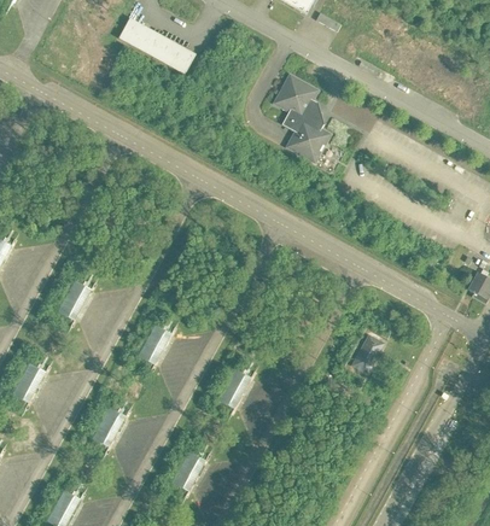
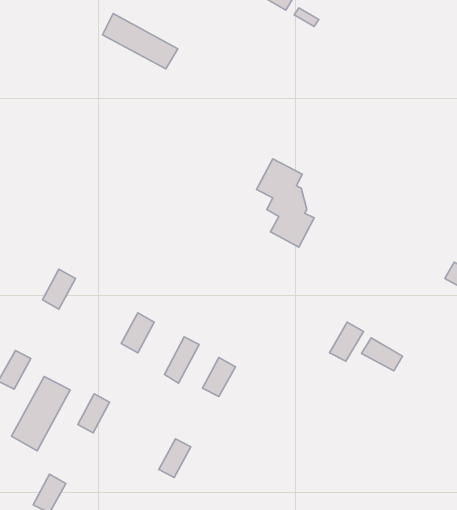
building: [269,71,328,162] -> [256,159,314,247]
building: none -> [164,337,199,383]
building: none -> [361,338,403,371]
building: none -> [11,376,70,451]

